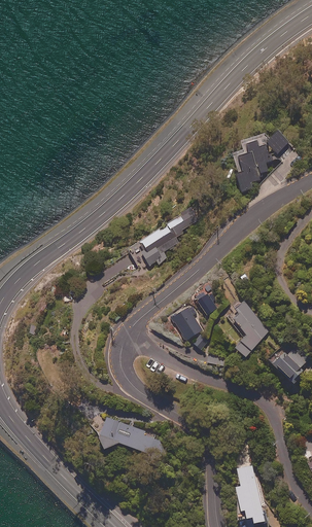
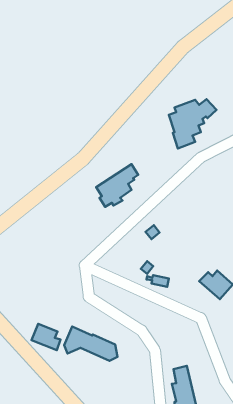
building: [232,303,271,357] -> none
building: [171,304,203,341] -> none
building: none -> [32,324,60,350]

